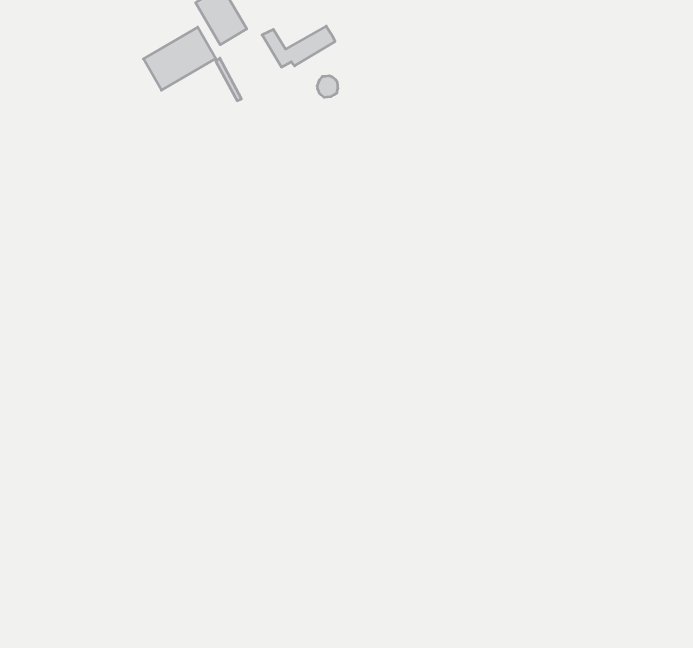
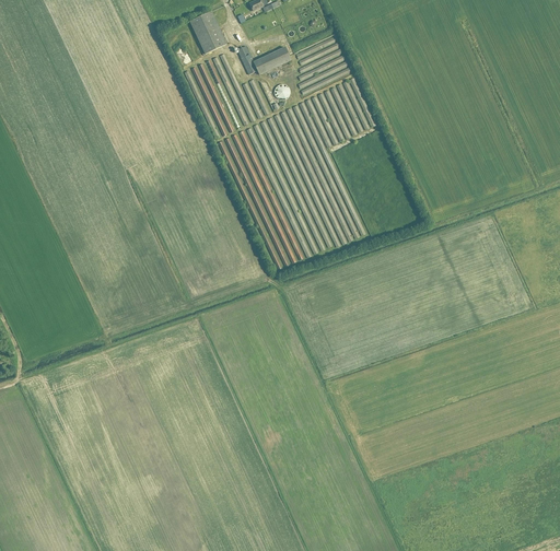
building: [143,27,216,90] -> none

